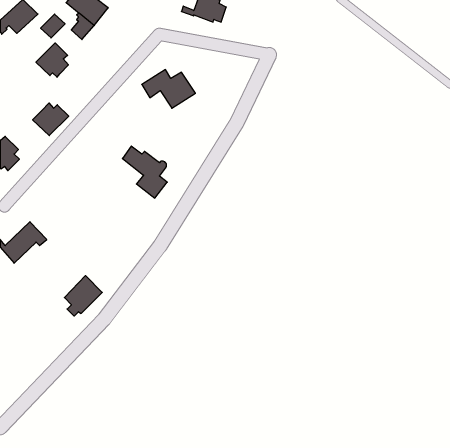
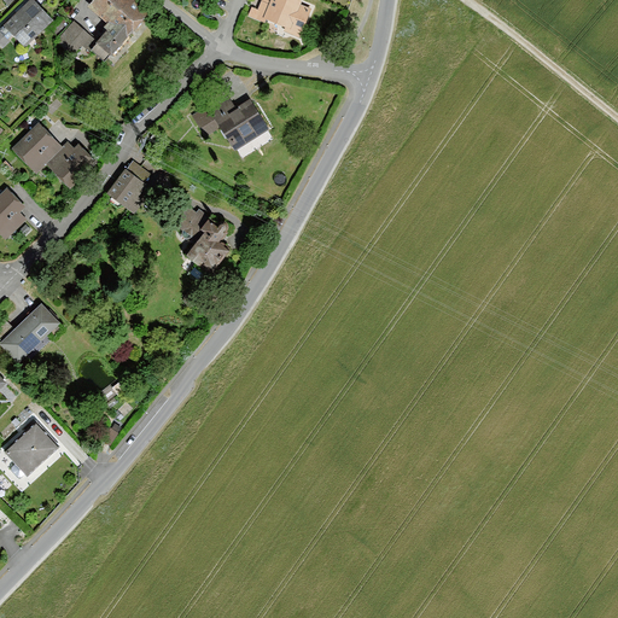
building: [36,43,68,77] -> [12,122,57,169]
building: none -> [107,159,147,209]
building: [64,276,102,316] -> [6,422,58,478]

